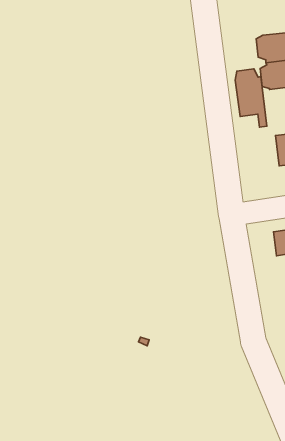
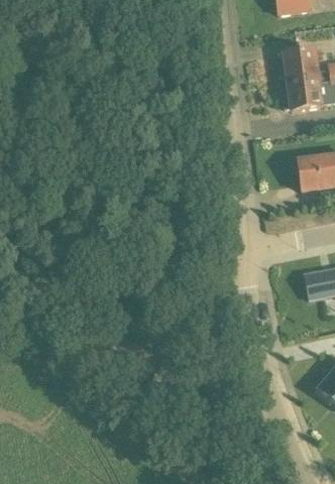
building: [235,69,267,127] -> none

